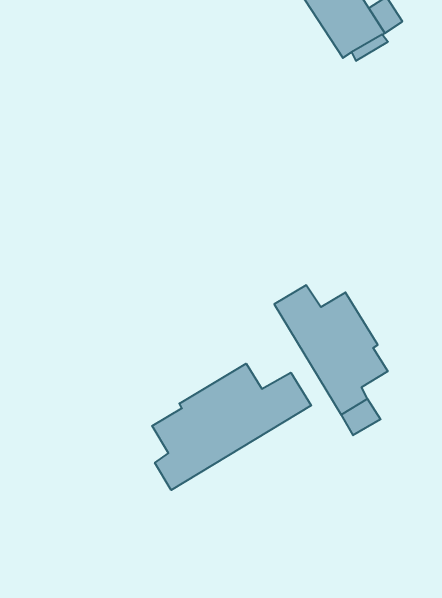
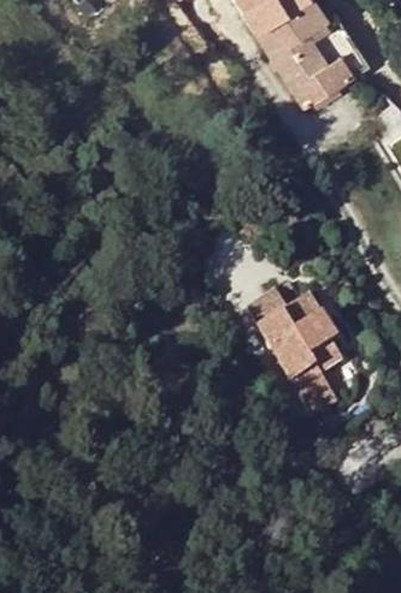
building: [152,364,311,490] -> none

